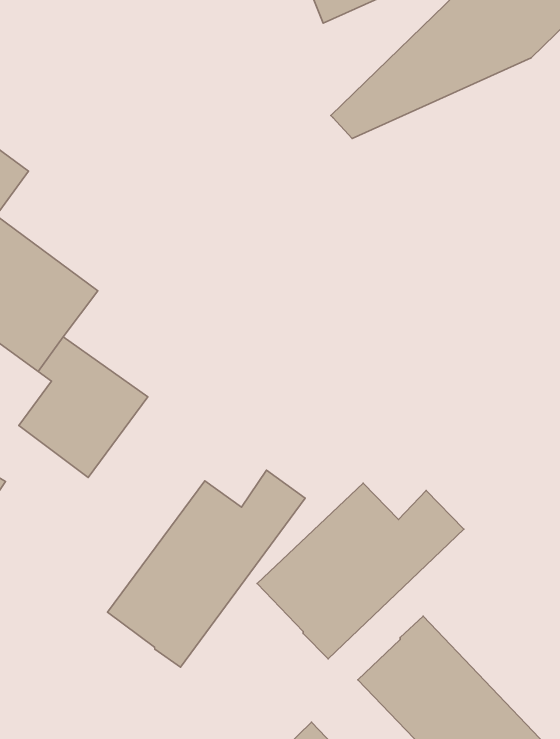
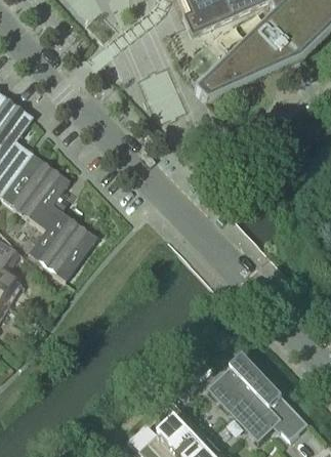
building: [107,470,305,667] -> none
building: [257,483,464,659] -> none

